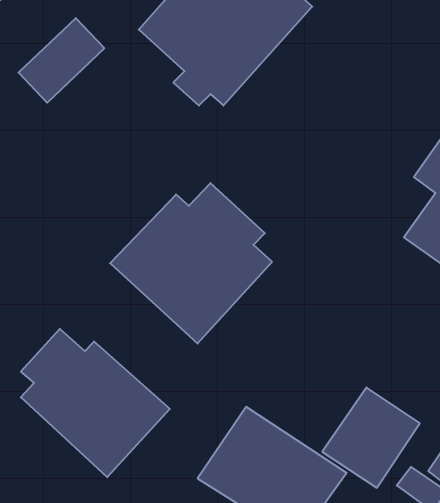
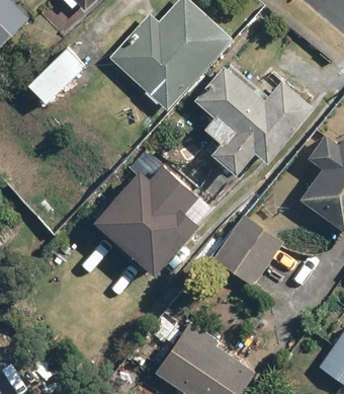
building: none -> [194,63,317,172]
building: [21,329,170,477] -> none
building: [322,387,420,488] -> [211,213,280,284]

